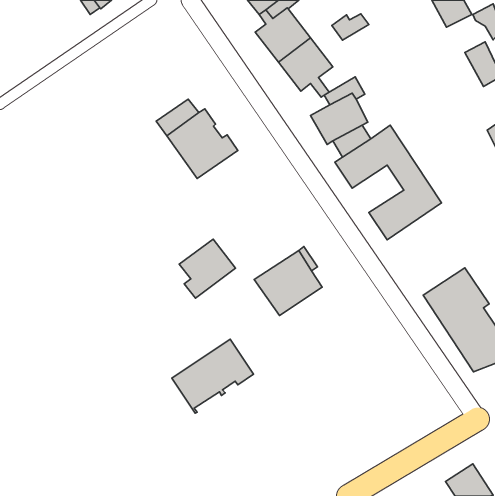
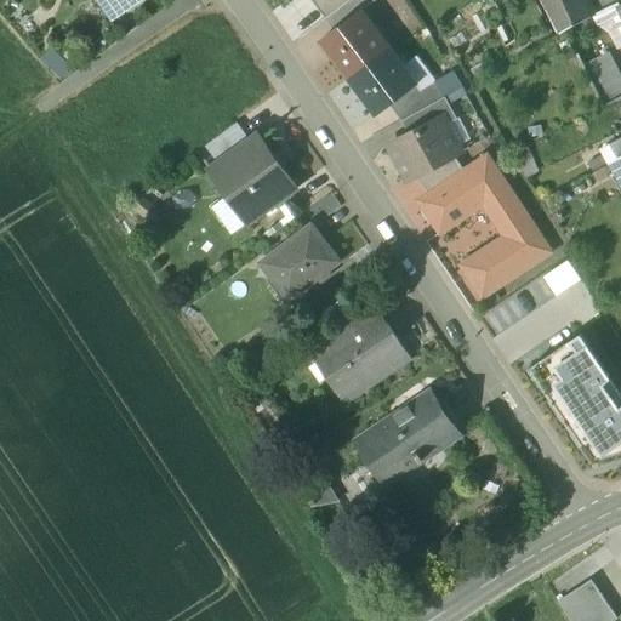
building: [332,14,369,40] -> [399,82,445,115]
building: [179,239,235,298] -> [268,227,338,301]
building: [172,339,253,413] -> [358,392,460,484]

